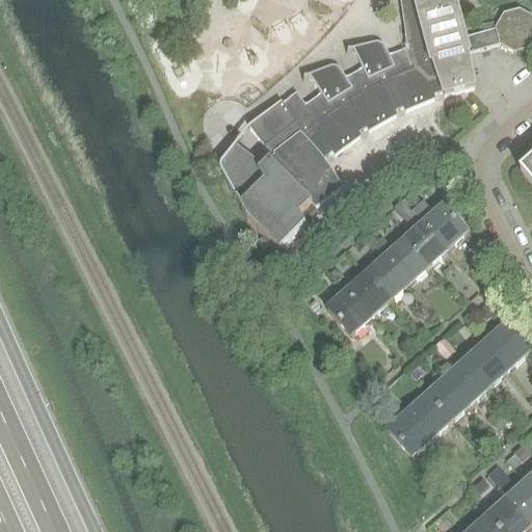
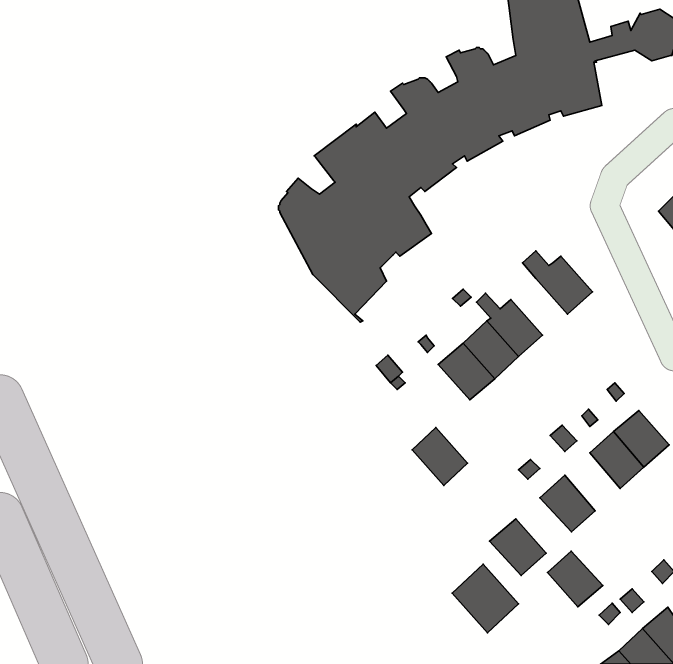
building: [396,197,448,264] -> none
building: [327,287,371,332] -> [412,427,467,486]
building: [446,356,489,402] -> none
building: [407,392,451,435] -> [547,551,603,607]
building: none -> [452,564,518,633]

